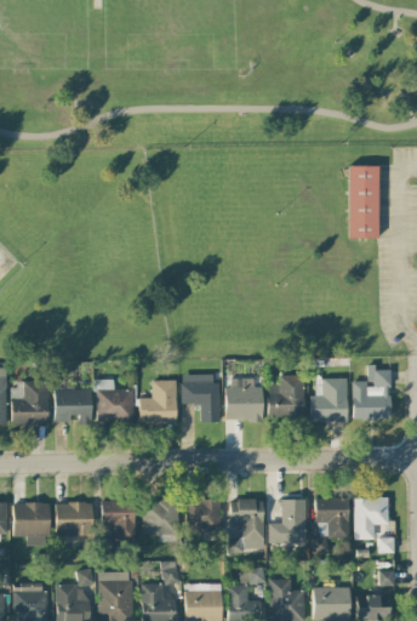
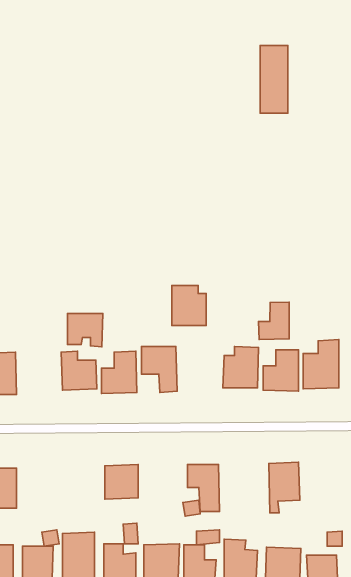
building: [350,166,379,238] -> [260,46,288,113]
building: none -> [259,302,289,340]
building: [227,378,263,421] -> [172,285,206,326]
building: [55,389,92,425] -> [67,314,103,347]
building: [354,497,395,553] -> none
building: [102,500,136,541] -> none
building: [187,500,222,532] -> none
building: [269,500,307,543] -> none
building: [56,502,92,535] -> none

